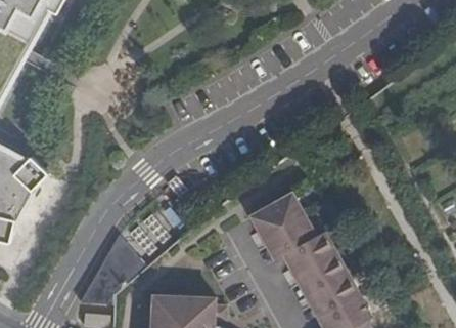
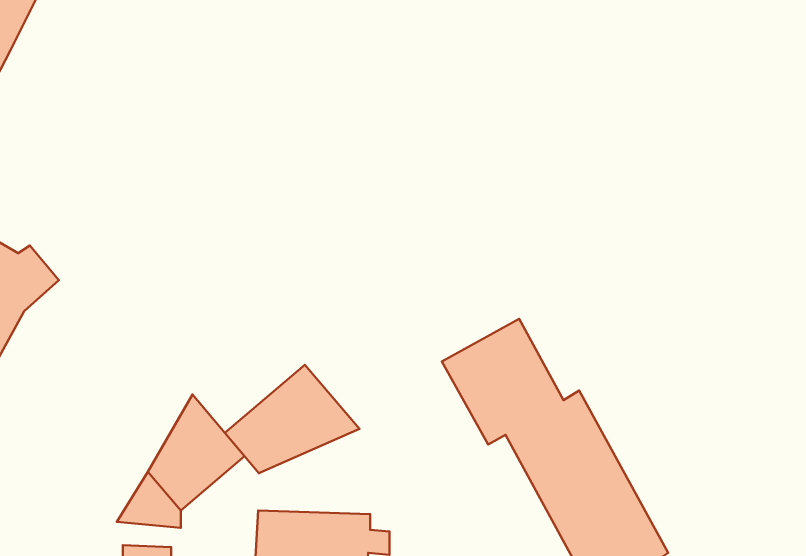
building: none -> [225,365,360,473]

